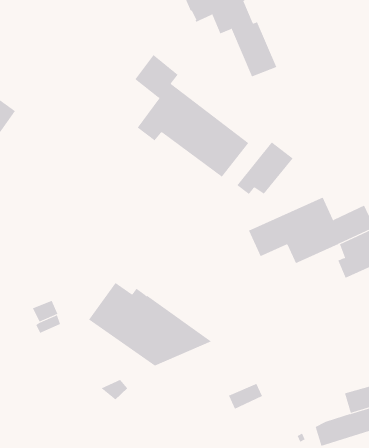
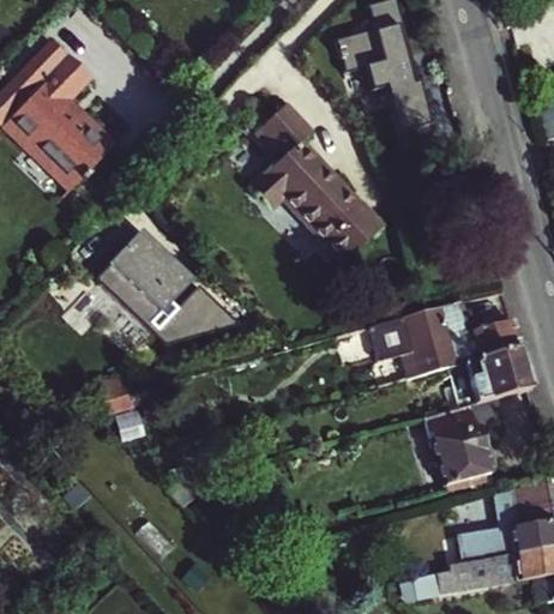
building: [236,141,293,195] -> none
building: none -> [422,403,488,489]
building: [88,282,212,366] -> [97,236,240,343]

